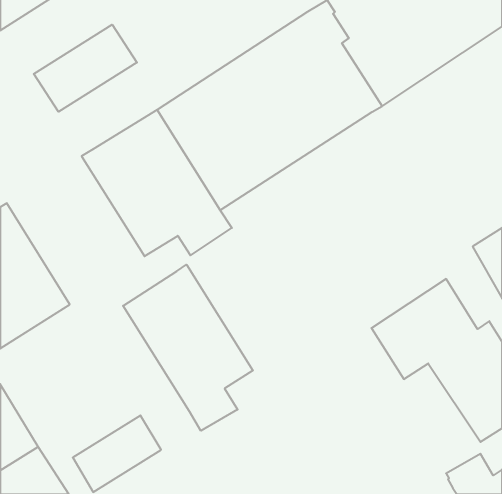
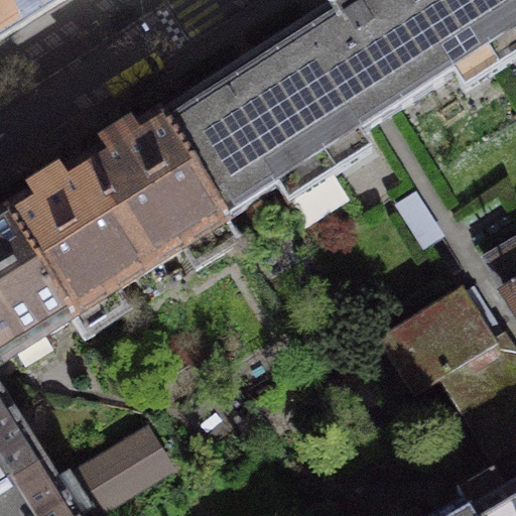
building: [34,25,137,112] -> none
building: none -> [7,160,148,332]
building: [123,265,253,431] -> none

